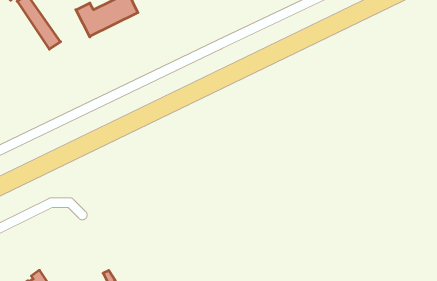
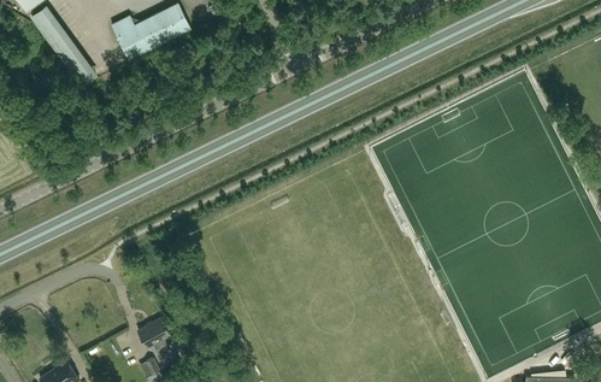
building: none -> [136,319,169,357]

